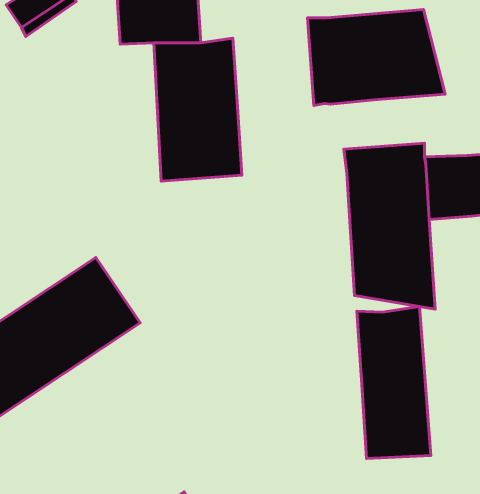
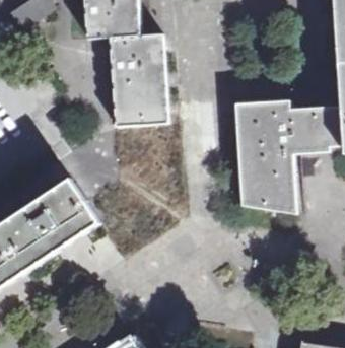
building: [307,9,445,105] -> none
building: [357,307,431,459] -> none

